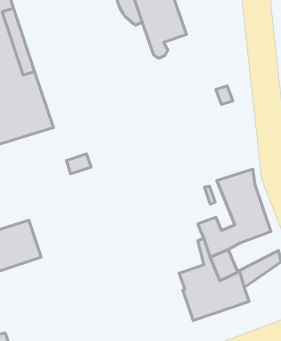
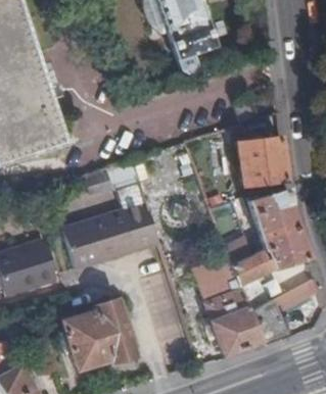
building: none -> [236,135,284,184]
building: none -> [63,186,159,274]
building: none -> [195,256,233,301]
building: none -> [61,299,135,368]

